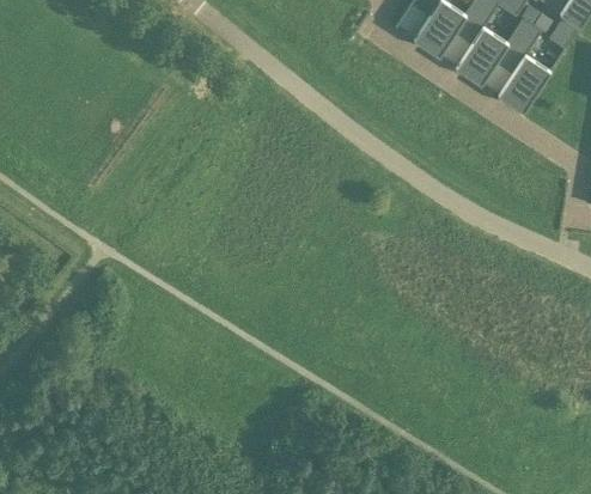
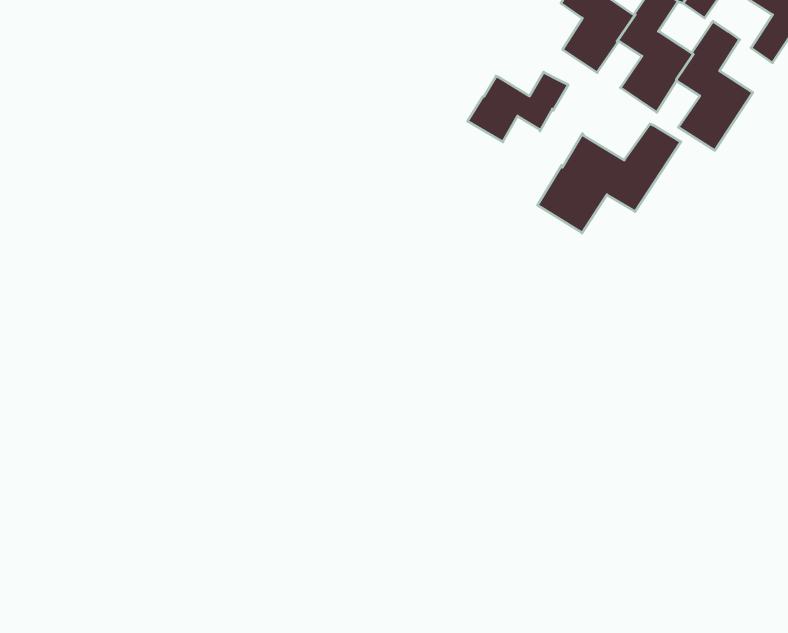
building: none -> [468,72,568,142]
building: none -> [538,124,681,233]

